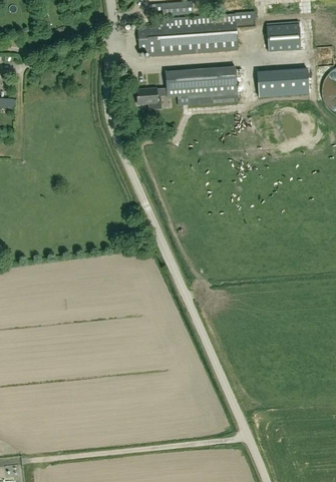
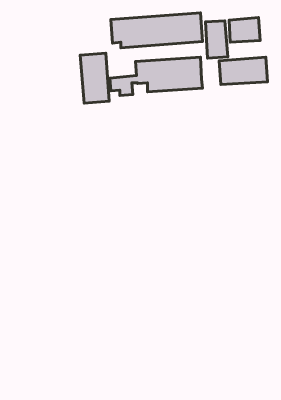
building: none -> [205,21,228,58]
building: none -> [80,53,109,103]

